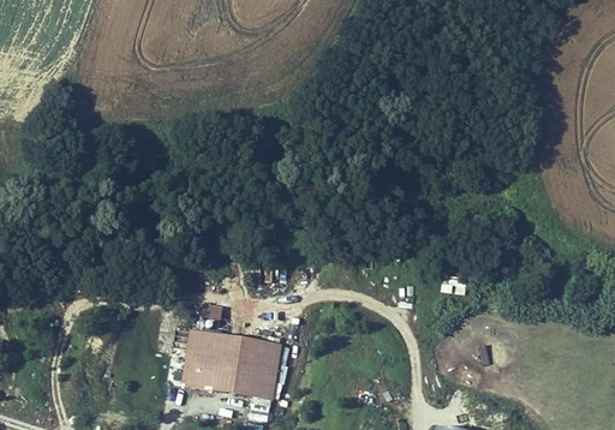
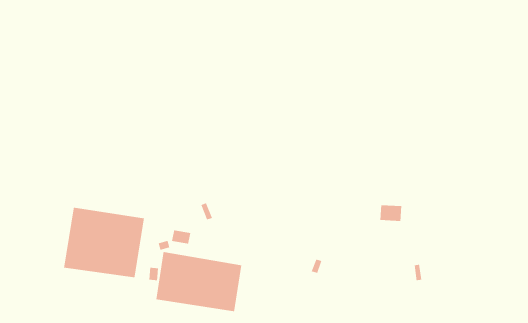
building: none -> [64,207,144,278]

